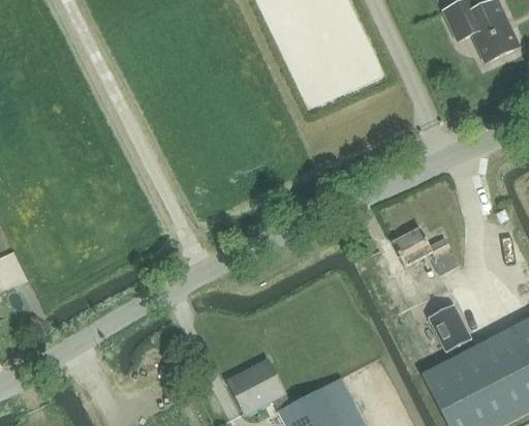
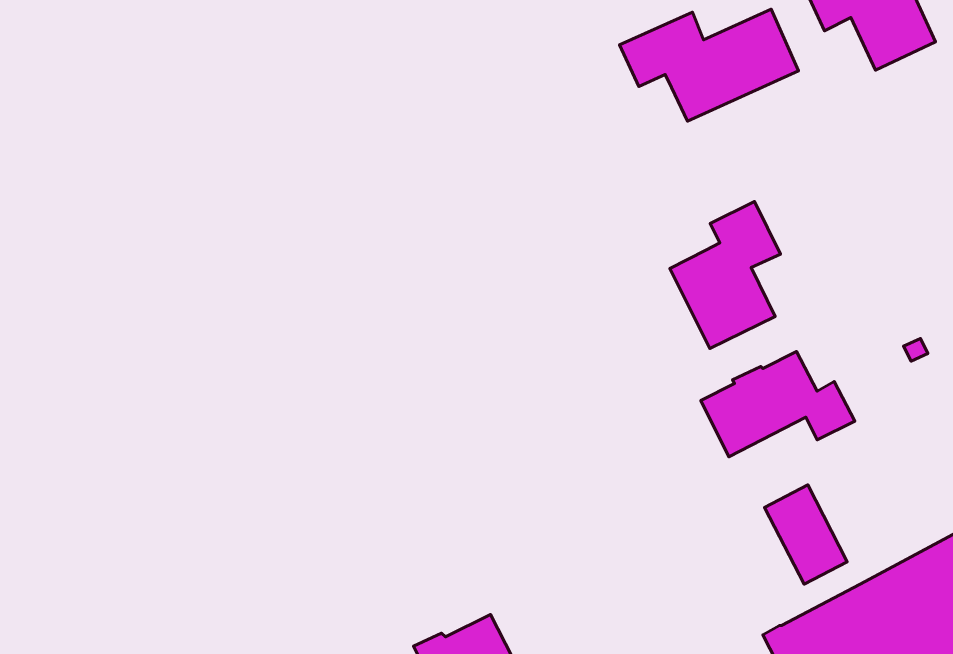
building: none -> [620,9,798,121]
building: none -> [670,201,780,349]

